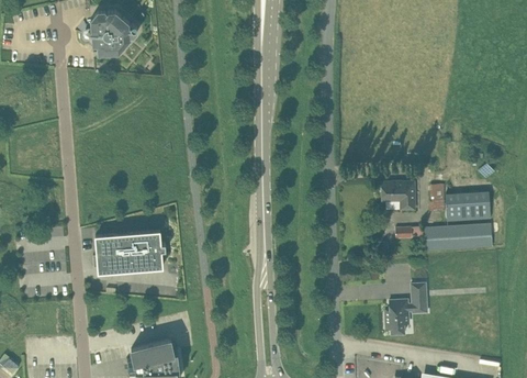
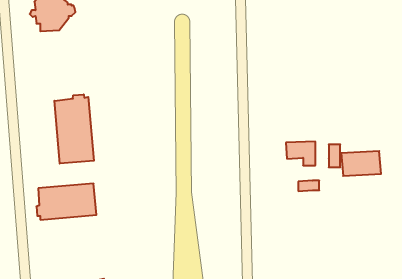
building: none -> [54,94,94,164]
building: [424,222,492,251] -> none
building: [384,284,427,333] -> none

